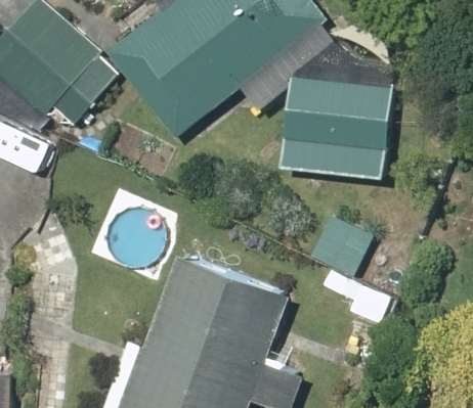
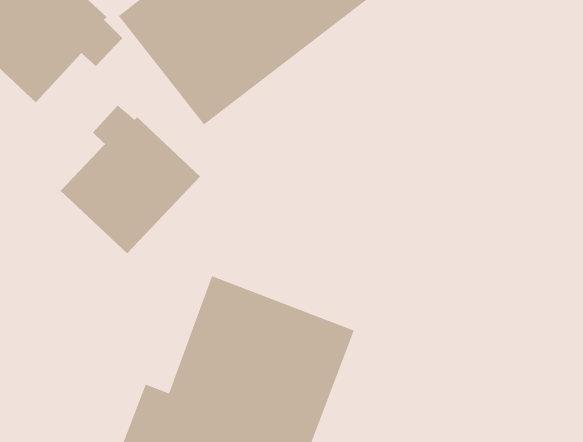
building: [282,75,392,180] -> none
building: none -> [60,105,201,254]

